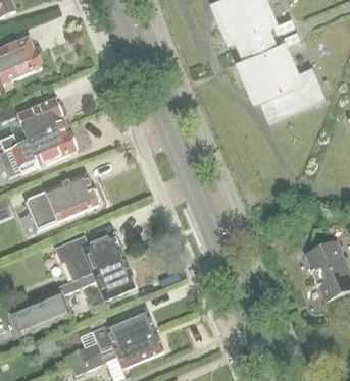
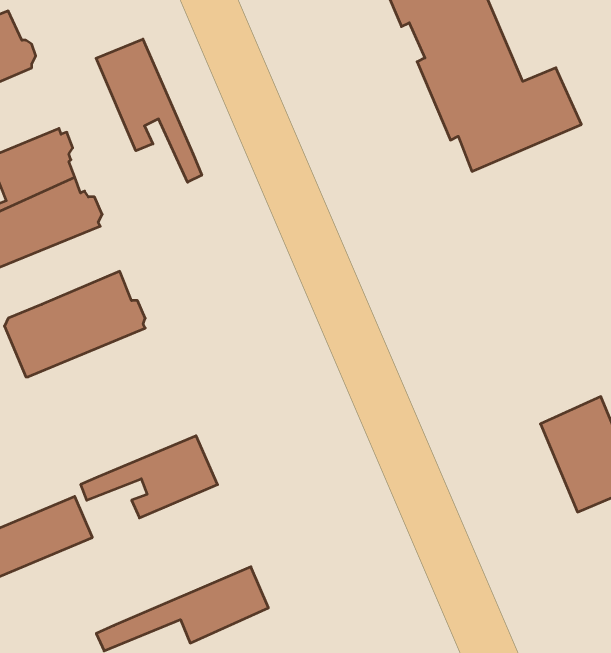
building: none -> [96,39,202,182]
building: [57,225,124,281] -> none
building: [78,309,153,359] -> none

